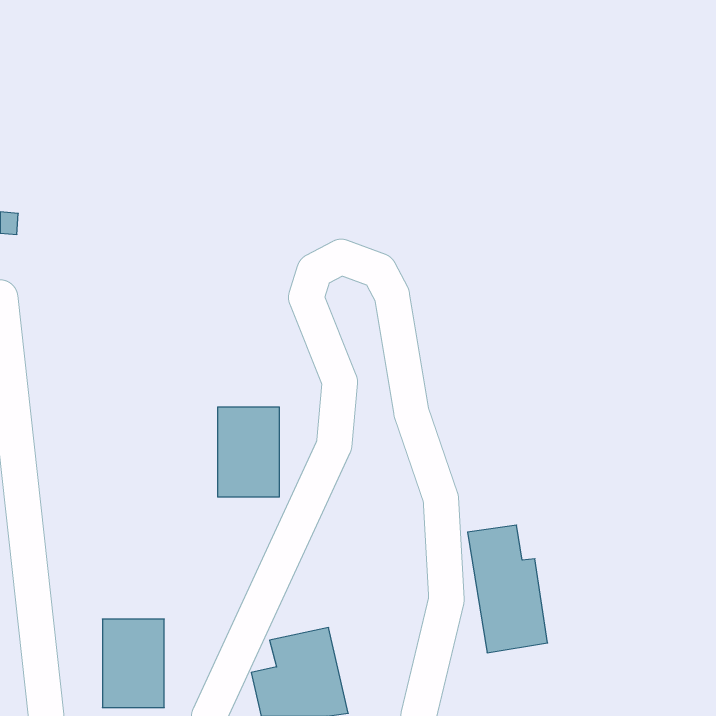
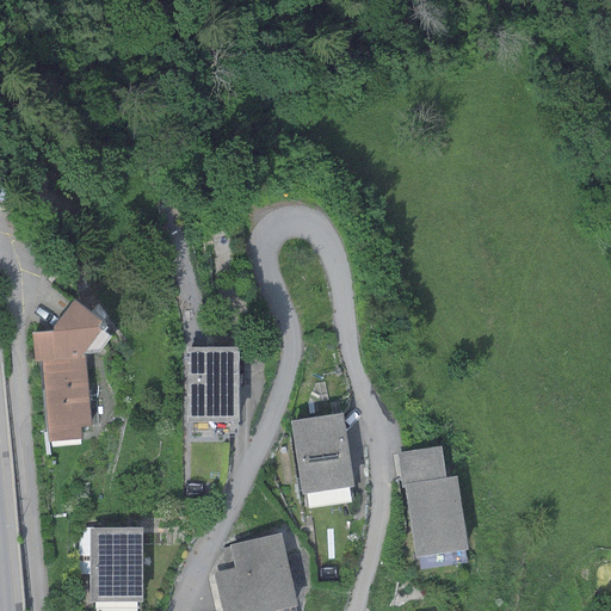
building: none -> [32,300,110,440]
building: none -> [291,412,353,494]

